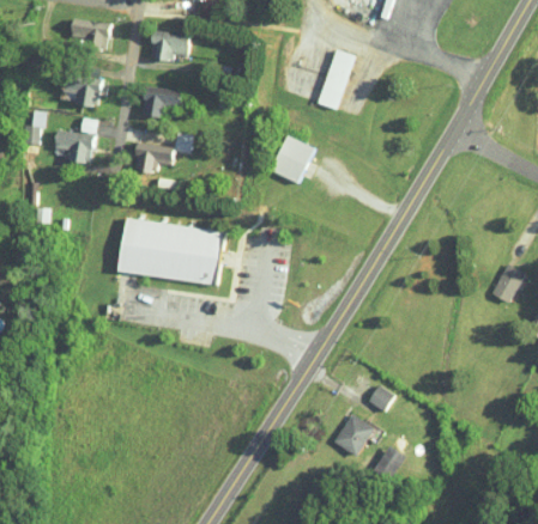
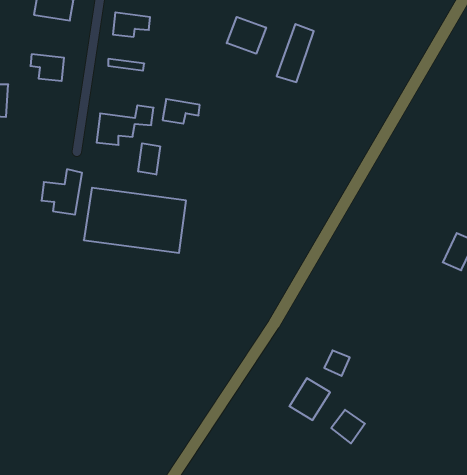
building: none -> [227,17,266,54]
building: [140,93,179,118] -> [163,99,200,124]
building: [53,117,95,164] -> [41,169,82,215]
building: [271,135,315,183] -> none
building: none -> [138,143,160,175]

